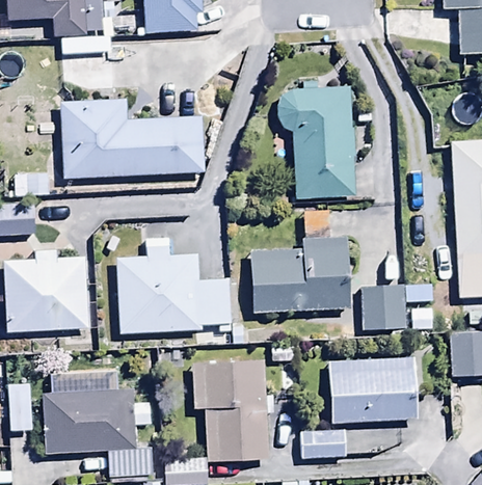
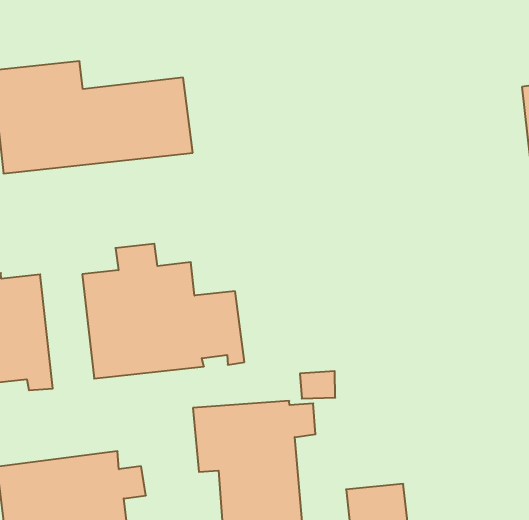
building: [276,79,354,198] -> none
building: [251,236,350,313] -> none
building: [359,286,408,329] -> none
building: [327,355,416,423] -> none

